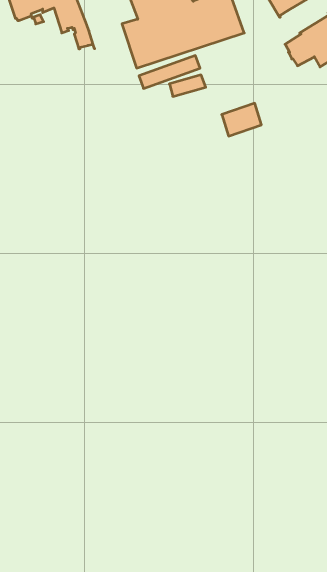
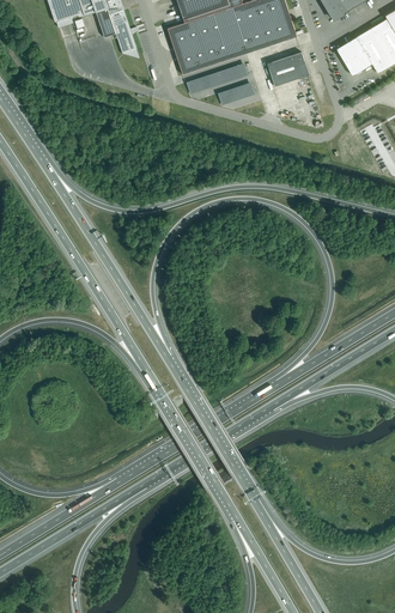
building: [222,103,261,136] -> [266,51,308,86]

